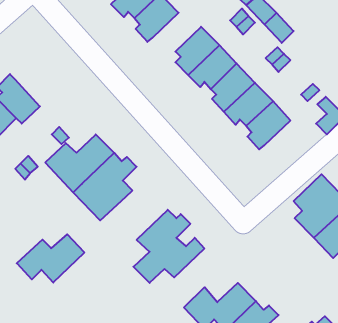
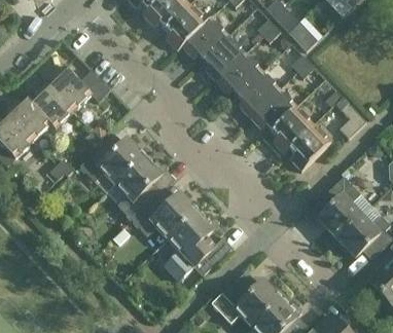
building: none -> [181,15,227,59]
building: none -> [49,64,109,111]
building: none -> [288,124,330,170]
building: [17,234,84,283] -> [131,192,195,238]

